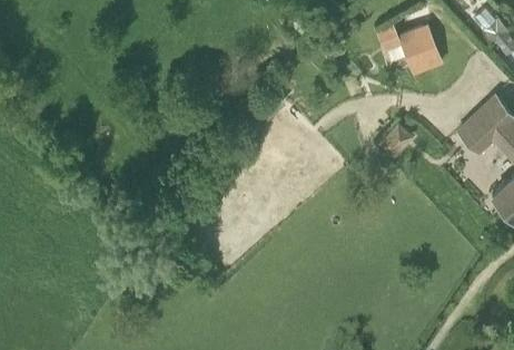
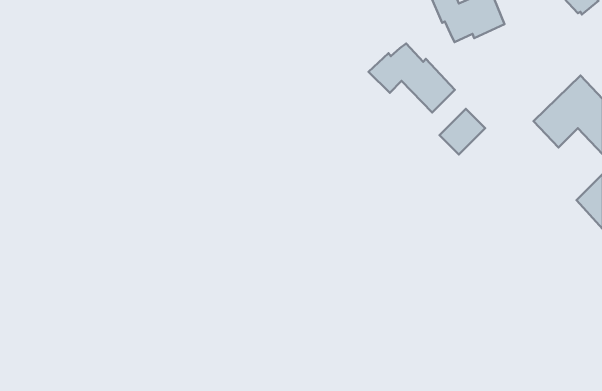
building: none -> [368,43,455,113]

